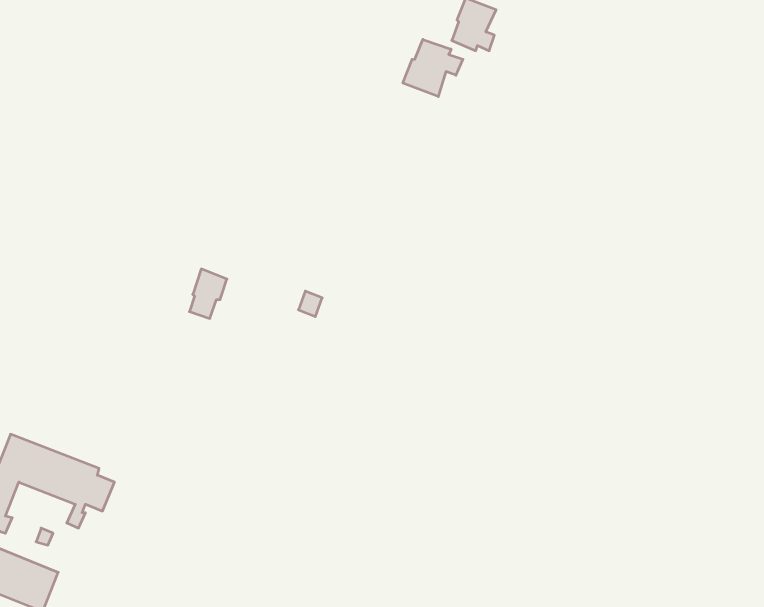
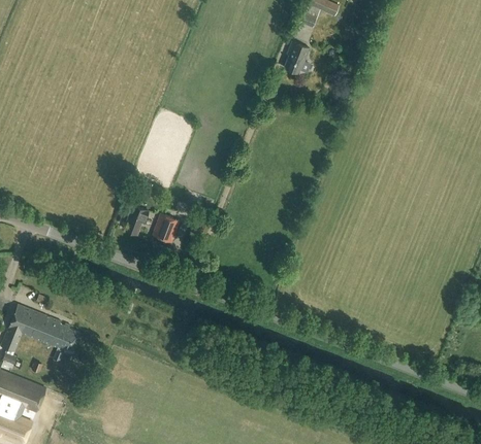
building: [403,39,463,97] -> none
building: none -> [152,213,180,242]

